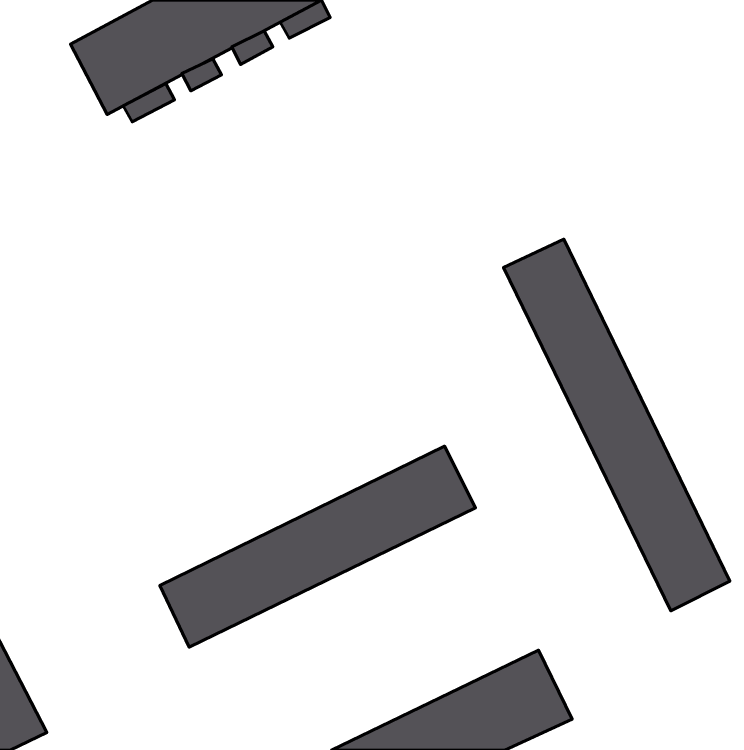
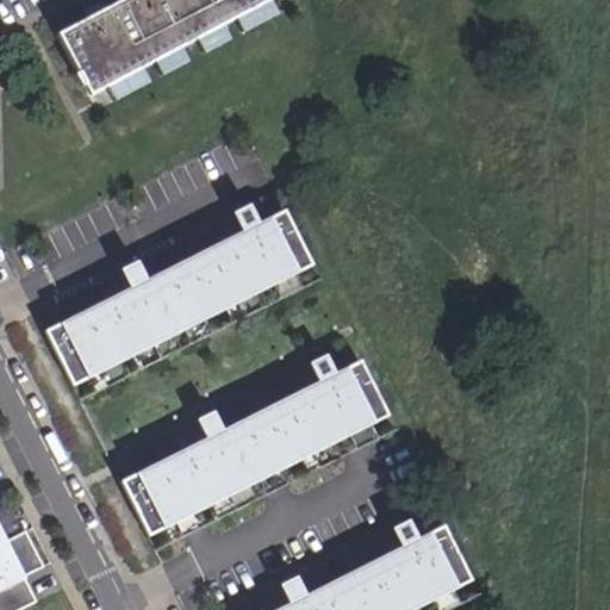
building: [504,239,730,611] -> none
building: none -> [50,211,312,385]

